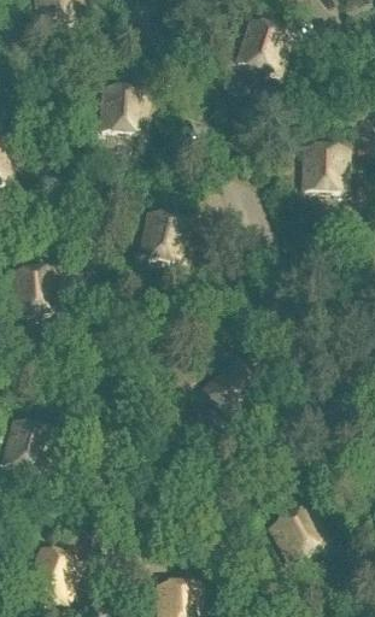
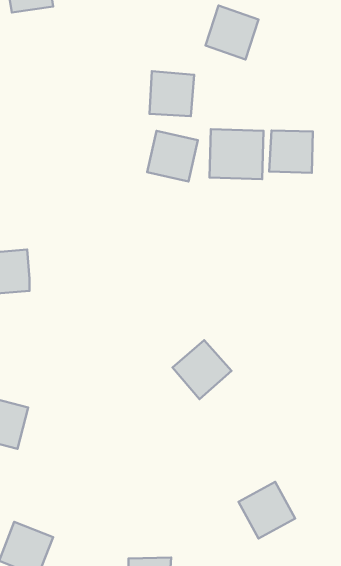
building: [99,86,145,131] -> [149,71,194,116]
building: none -> [209,129,264,179]
building: [137,210,189,262] -> [147,131,198,182]

